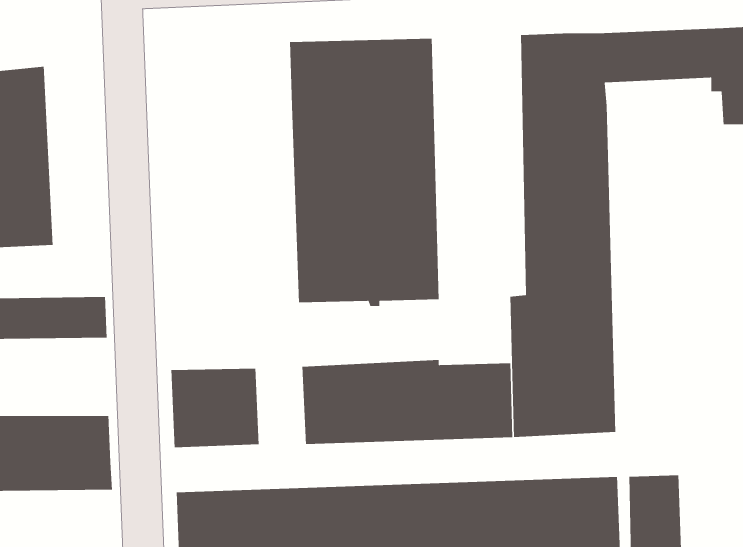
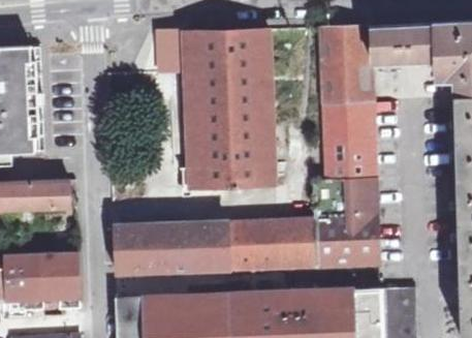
building: none -> [155,32,185,71]
building: none -> [164,224,193,271]

